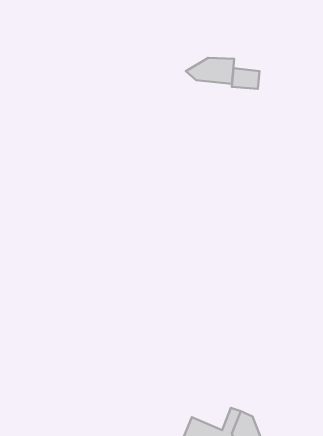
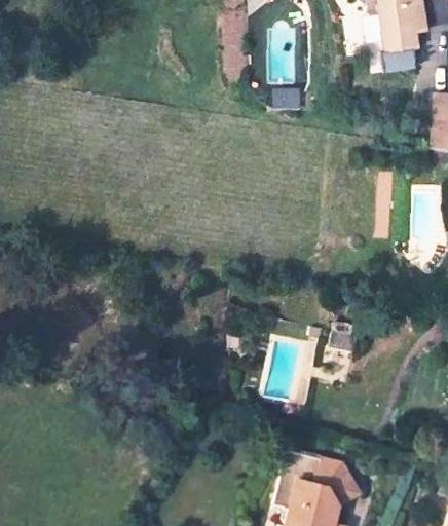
building: [186,58,234,84] -> none

